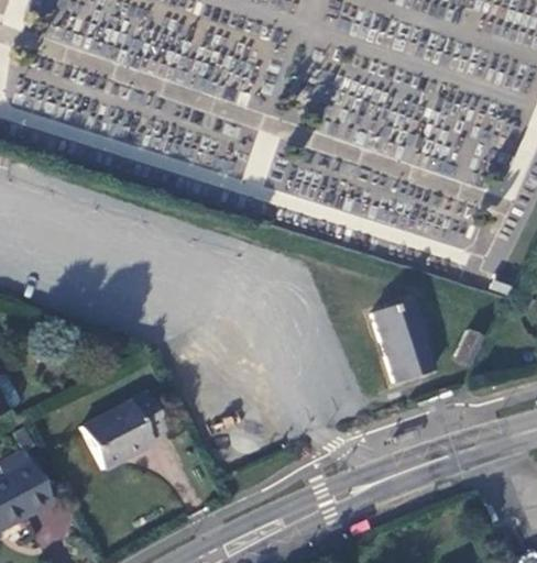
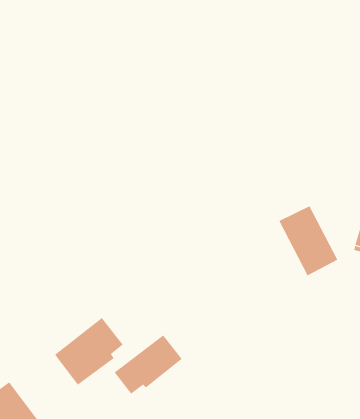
building: none -> [114,334,183,394]

